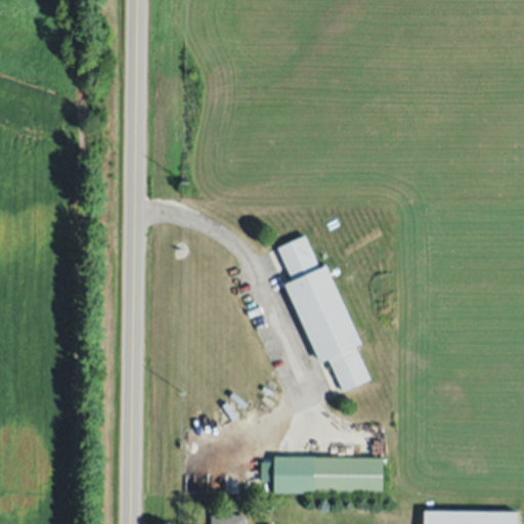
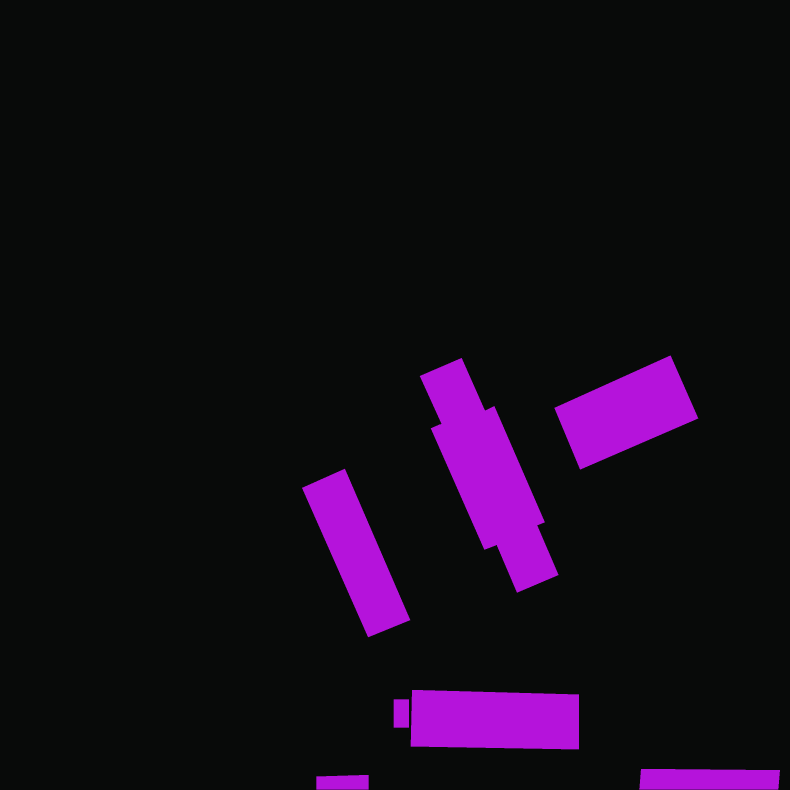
building: none -> [553,355,699,471]
building: none -> [301,468,411,638]

